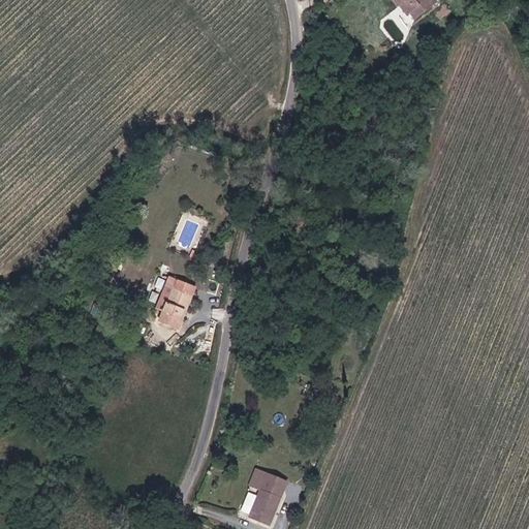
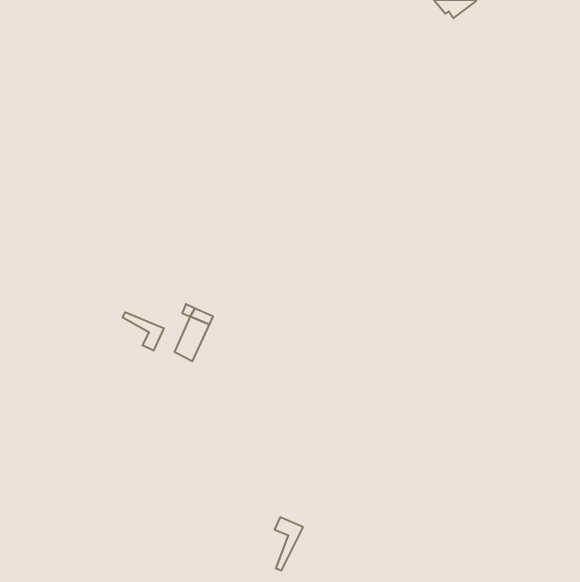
building: none -> [123,312,164,351]
building: [255,478,287,524] -> none

